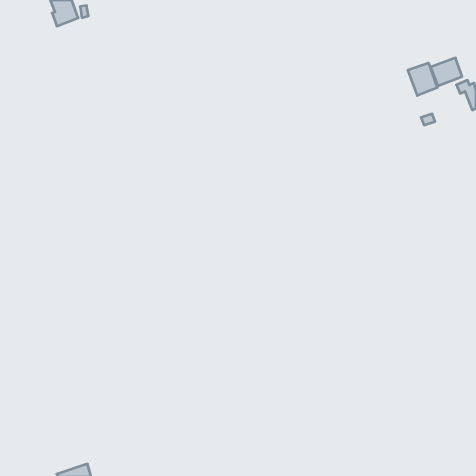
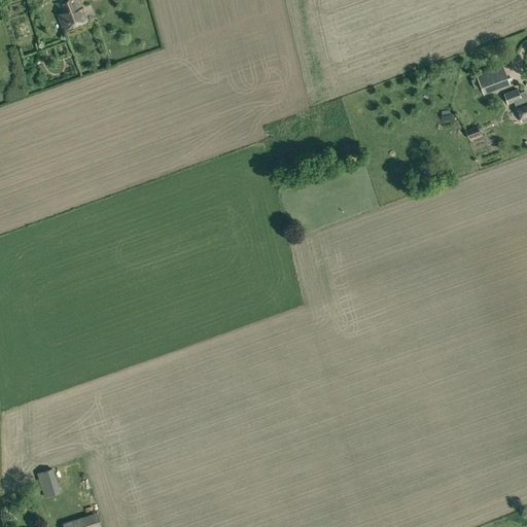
building: [408,63,437,96] -> none
building: none -> [37,469,60,498]

